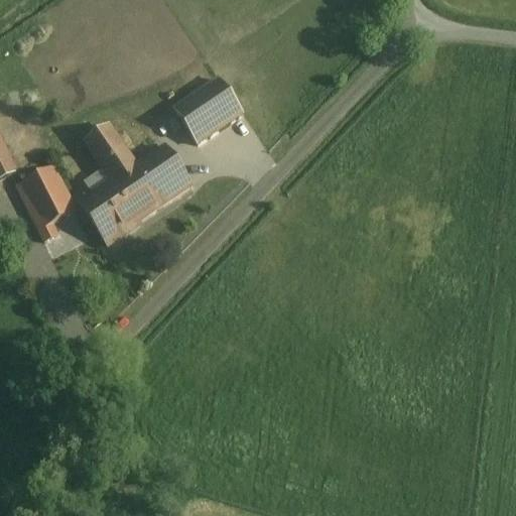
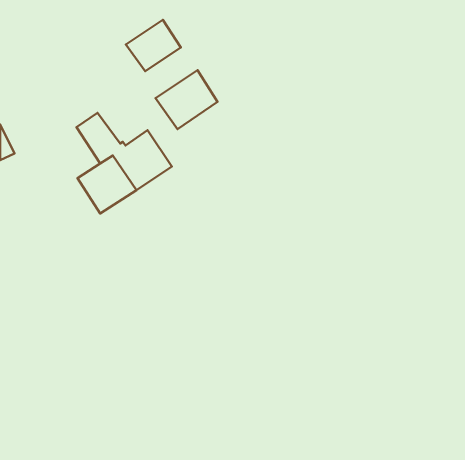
building: none -> [126,20,181,71]
building: [16,165,76,240] -> none

